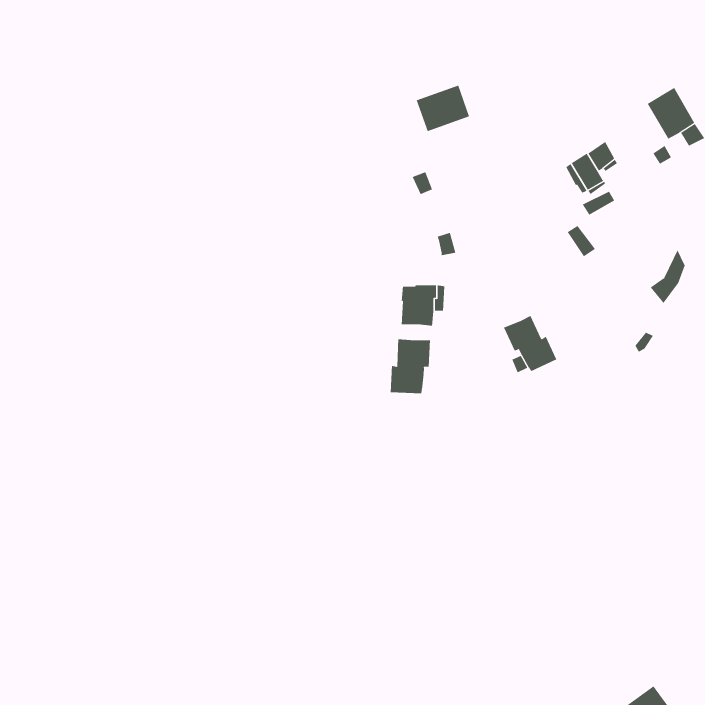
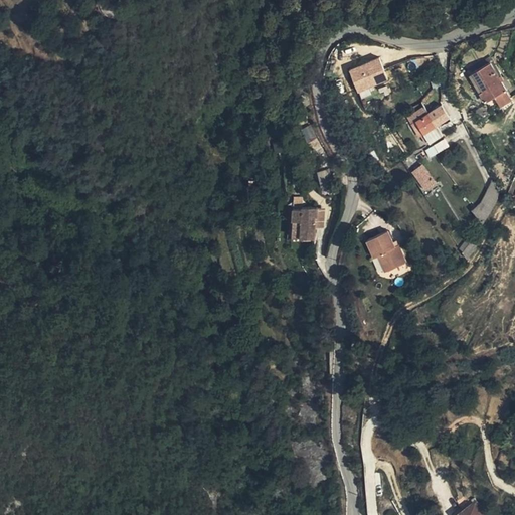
building: [416,85,470,132] -> [347,59,386,94]
building: [390,339,430,394] -> none

